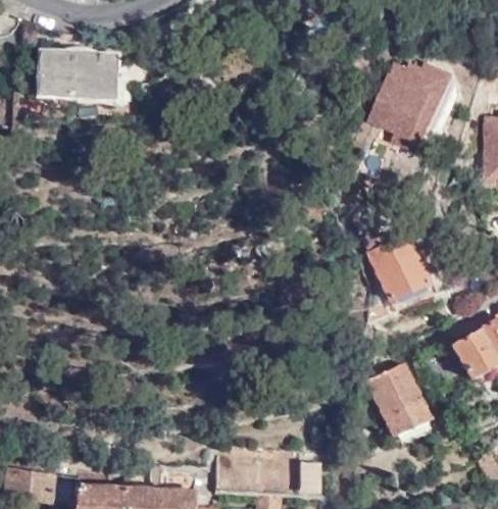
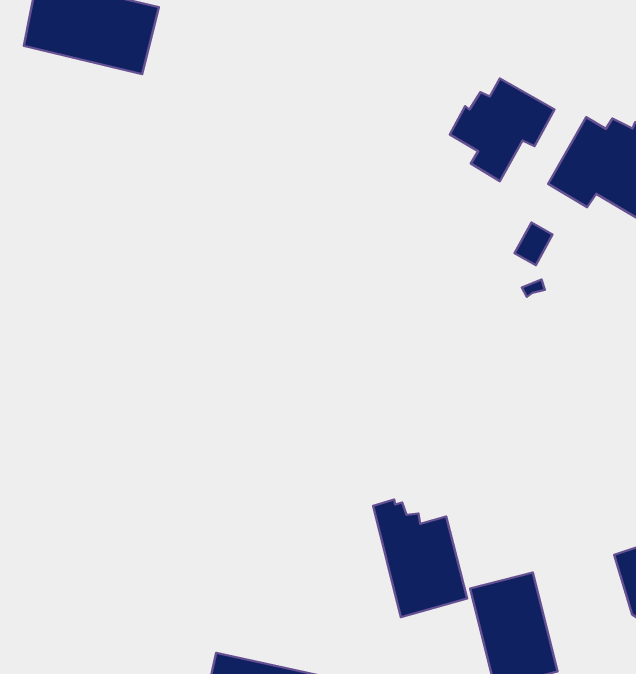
building: none -> [450,78,555,181]
building: [360,231,428,302] -> [373,499,467,617]

